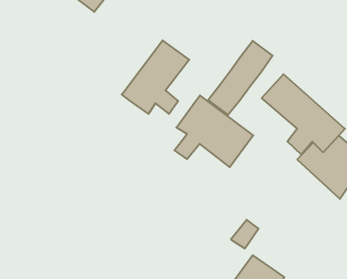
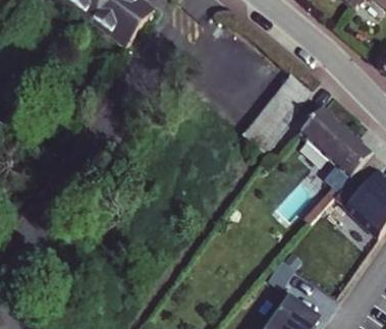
building: [122,40,189,114] -> none
building: [174,95,253,167] -> none

